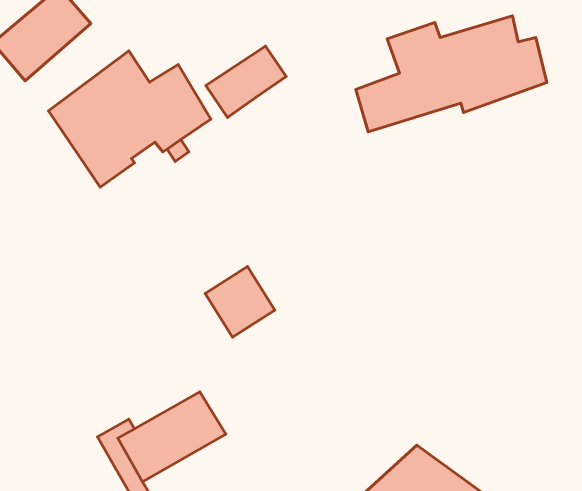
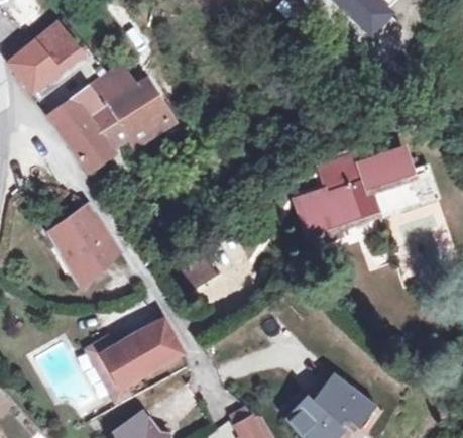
building: [356,16,547,132] -> [294,148,435,234]
building: [206,46,286,117] -> none
building: none -> [51,209,118,285]

